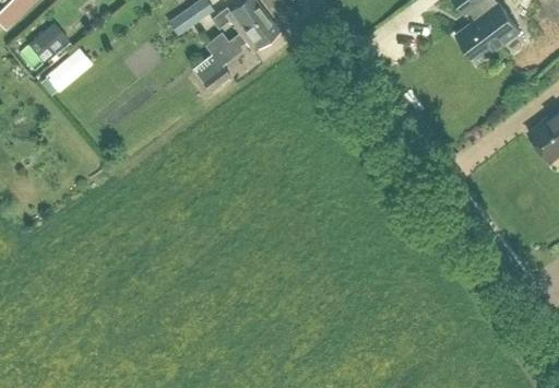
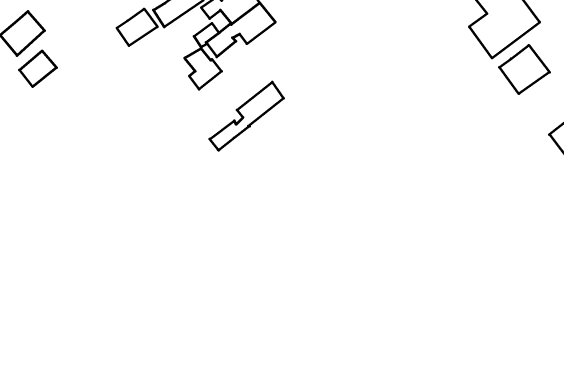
building: none -> [117,9,157,46]
building: none -> [499,45,550,94]
building: none -> [210,82,284,150]

